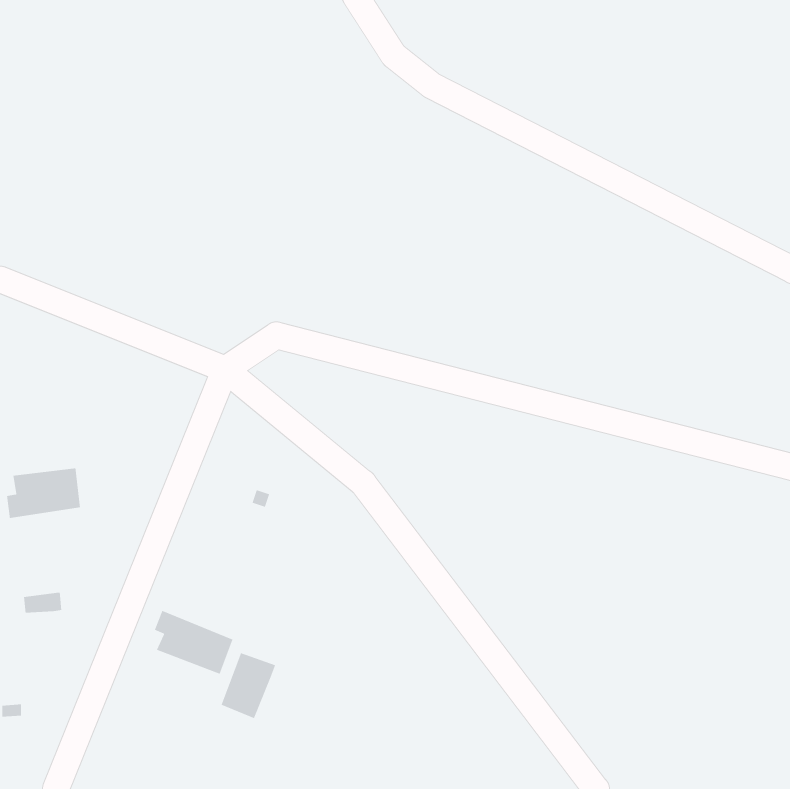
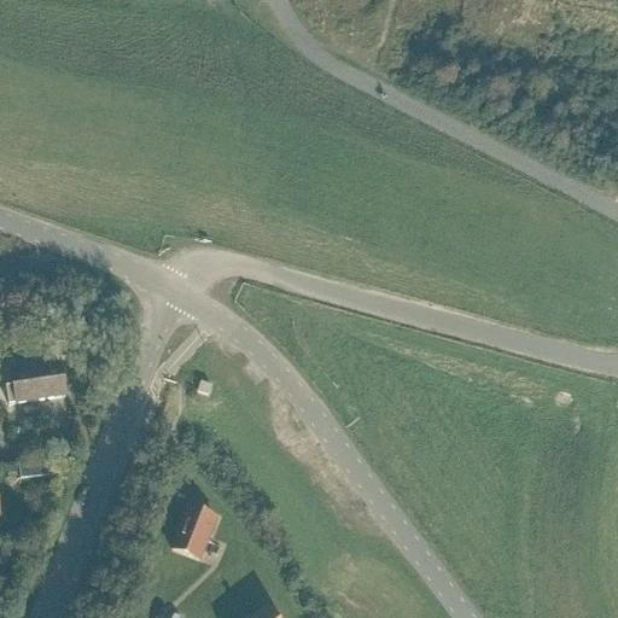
building: [154,610,233,675] -> none

